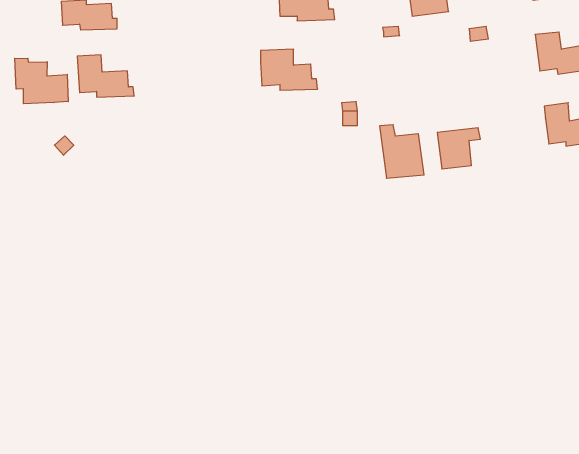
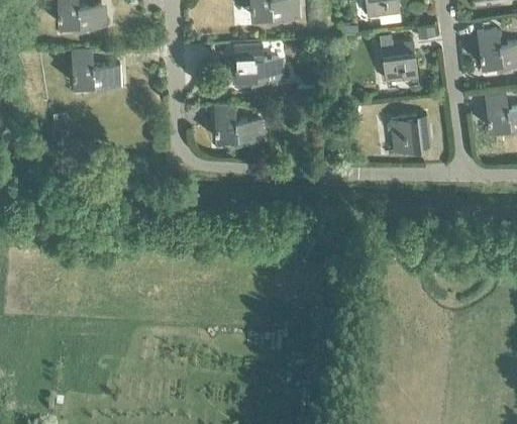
building: [15,58,68,104] -> none
building: [380,125,424,178] -> [379,34,418,82]
building: none -> [214,118,264,144]

